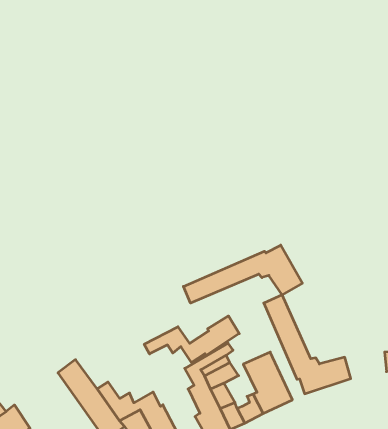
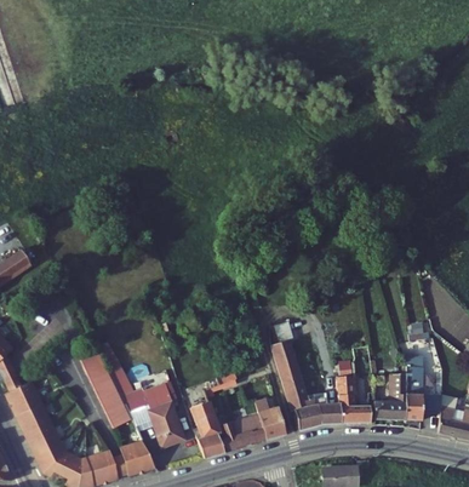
building: [183,245,302,303] -> none
building: [144,316,239,363] -> none
building: none -> [339,376,376,414]

